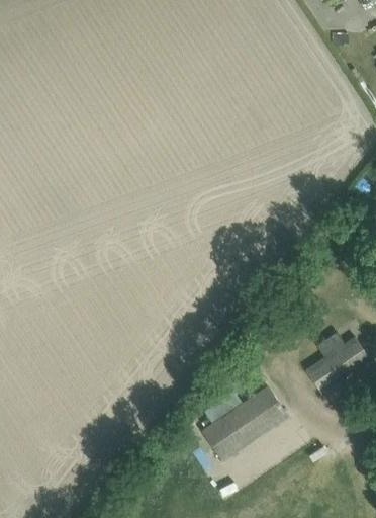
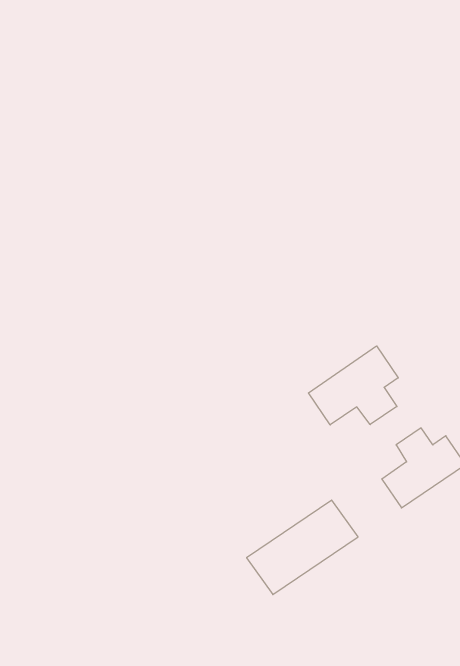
building: none -> [308,346,398,425]

